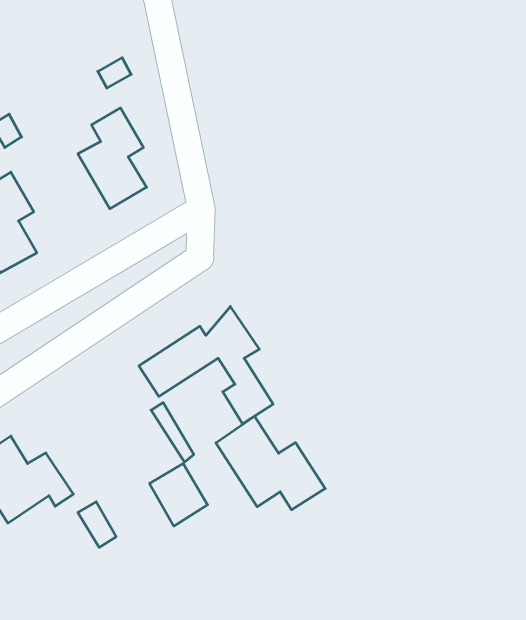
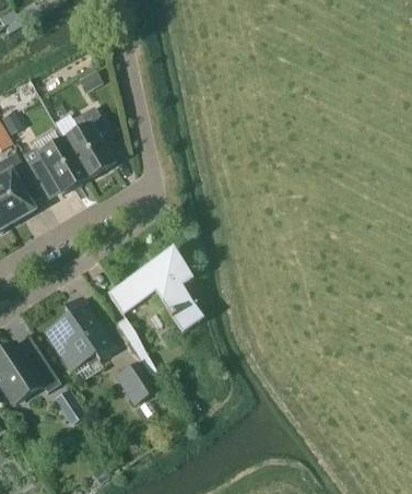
building: none -> [22,139,85,193]
building: none -> [46,298,114,369]
building: [216,416,325,510] -> none

